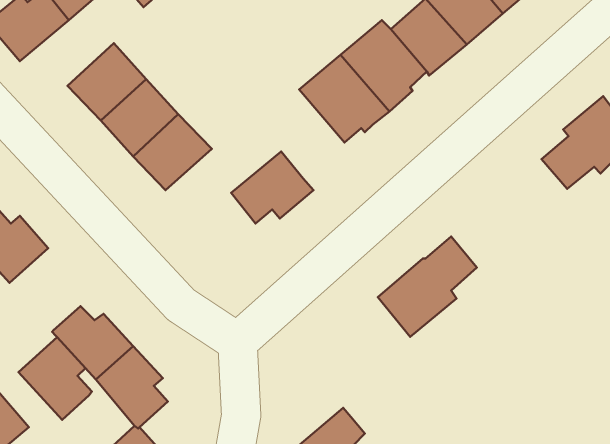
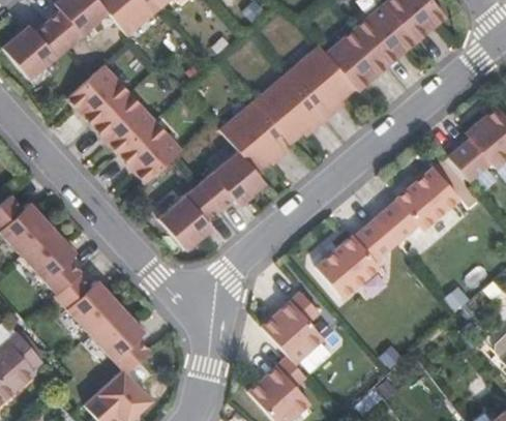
building: none -> [221,100,294,172]
building: none -> [377,167,462,243]
building: none -> [159,183,219,248]
building: none -> [263,292,326,363]
building: [18,337,92,420] -> [22,228,81,294]

